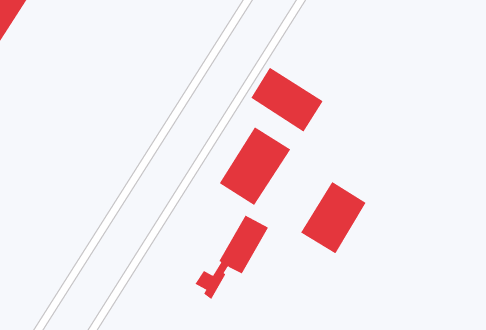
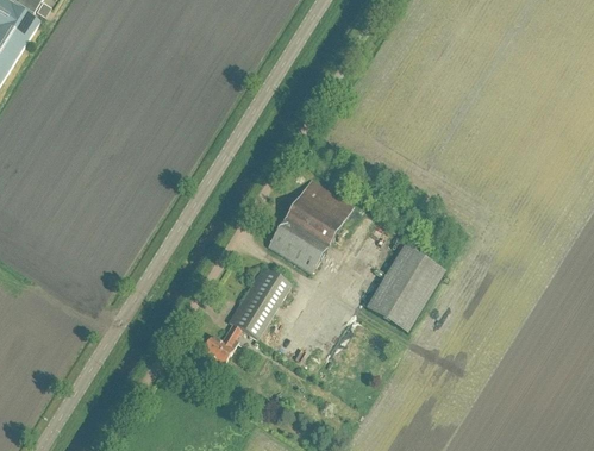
building: [251,67,324,132] -> none
building: [195,215,269,300] -> [199,268,288,370]

